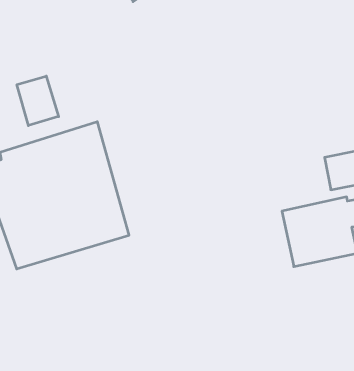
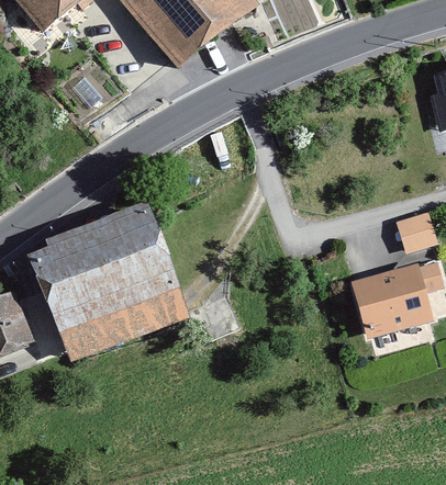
building: [17,76,59,126] -> none

